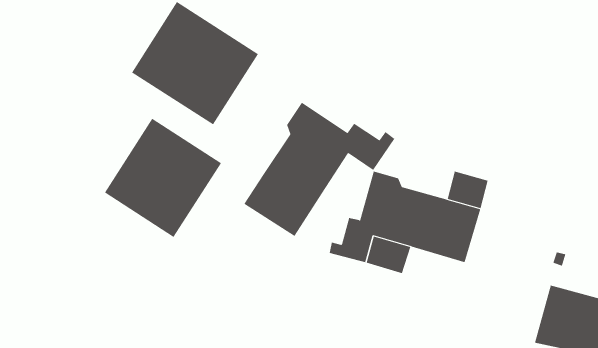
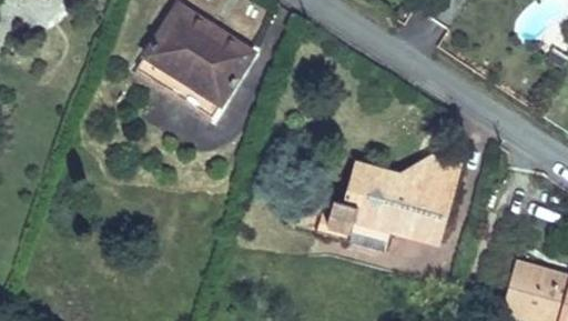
building: [244,102,395,237] -> none
building: [104,118,222,238] -> none

